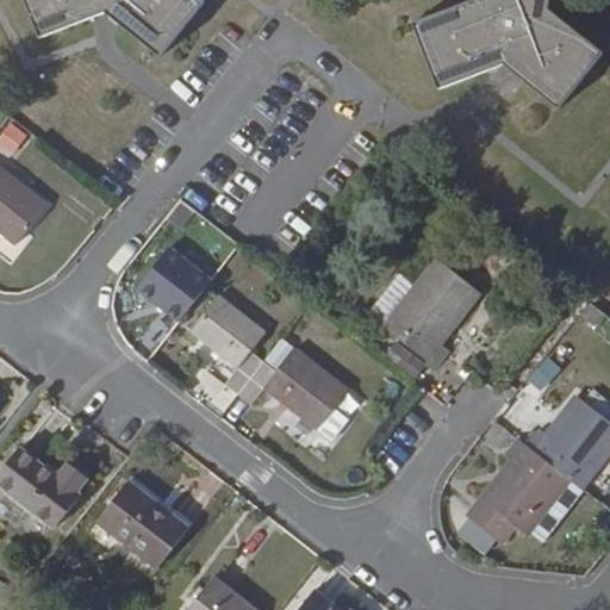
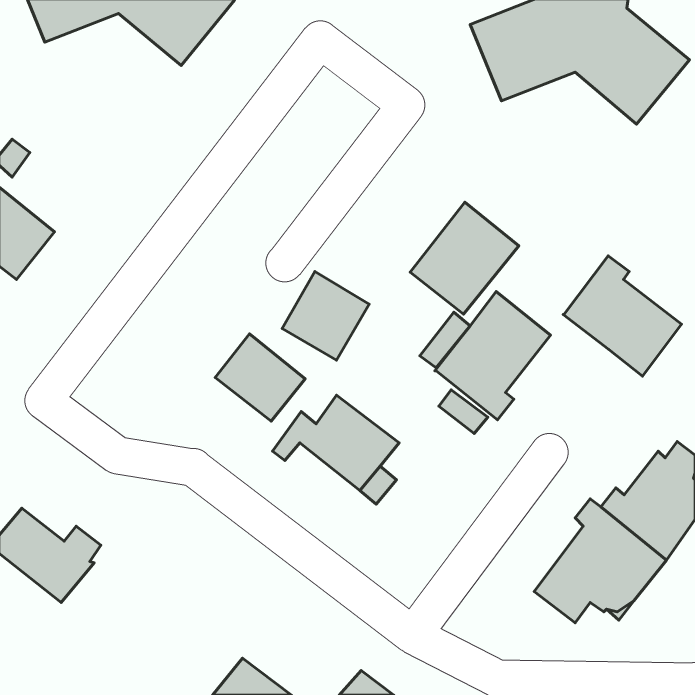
building: none -> [410,202,519,314]
building: none -> [563,256,681,376]
building: [135,245,211,323] -> [282,271,369,360]
building: [94,479,189,569] -> none

